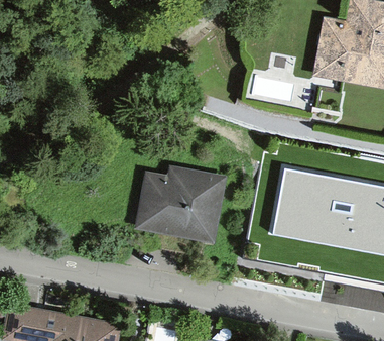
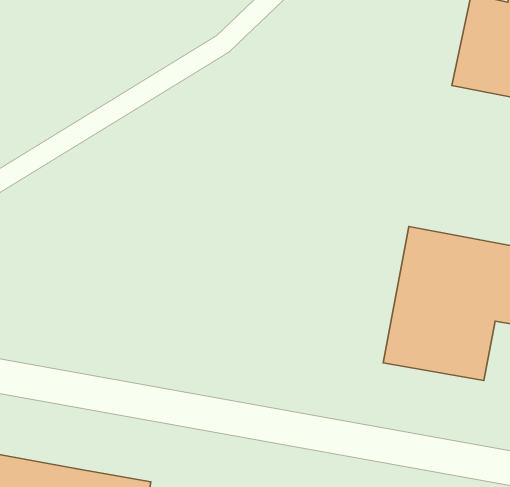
building: [135,164,228,241] -> none

